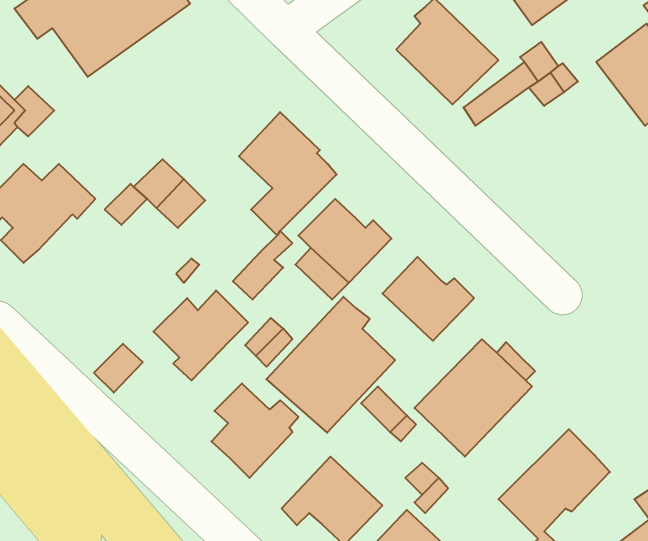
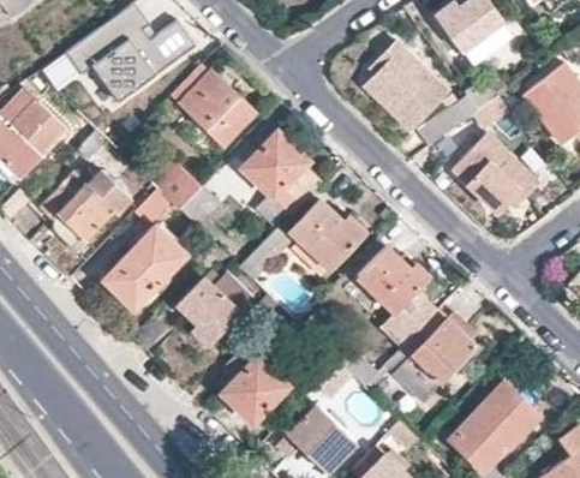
building: none -> [178,71,256,148]
building: none -> [453,114,540,213]
building: none -> [106,228,185,307]
building: [266,297,395,433] -> none

